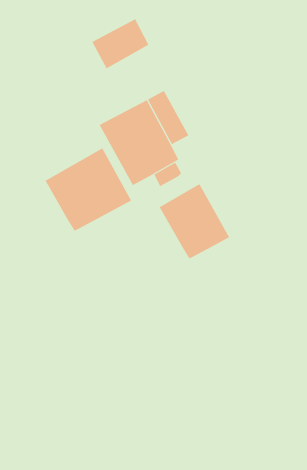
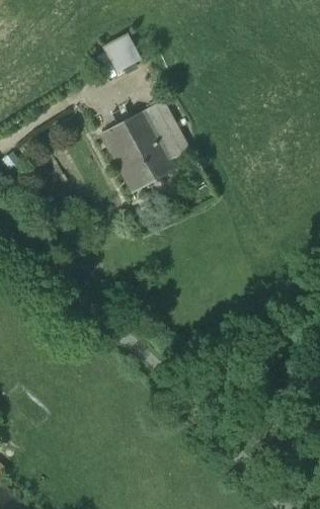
building: [45,148,132,231] -> none
building: [159,183,230,259] -> none

